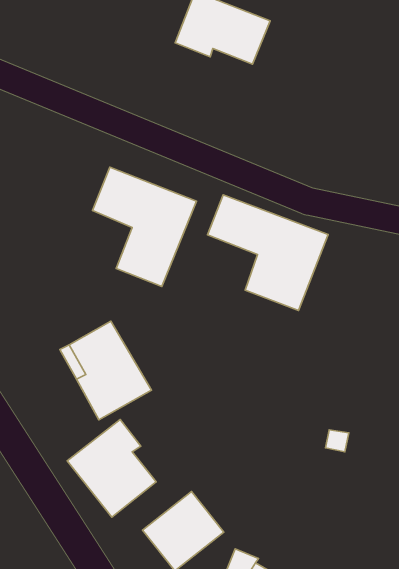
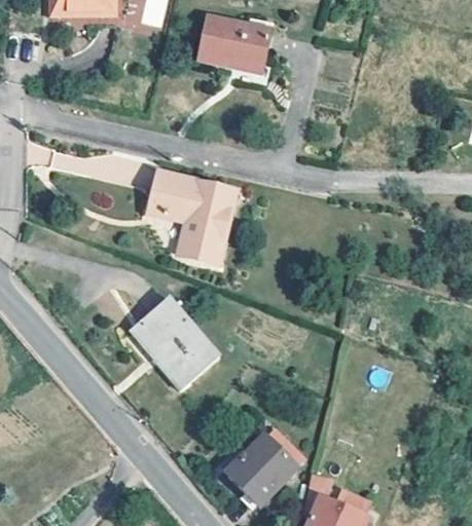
building: [208,195,328,311] -> none
building: [67,420,156,517] -> none

